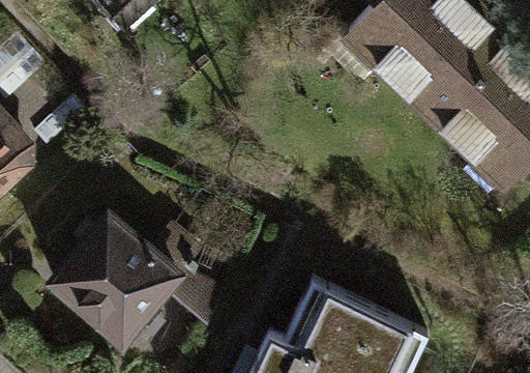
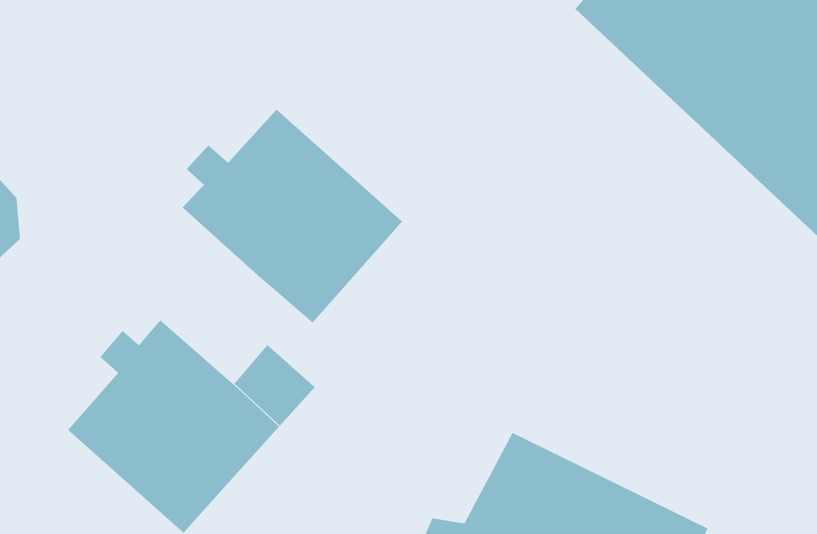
building: none -> [182,109,403,324]

